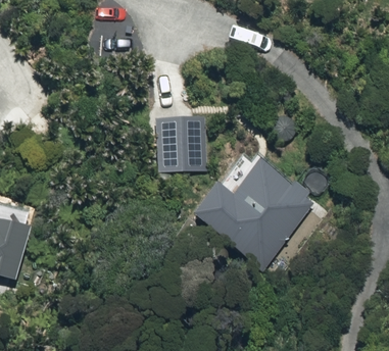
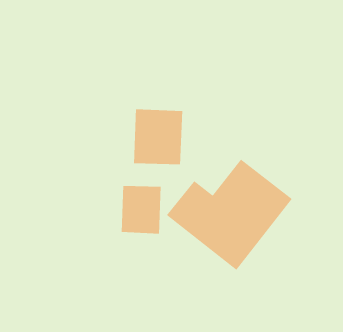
building: none -> [121,185,162,235]

